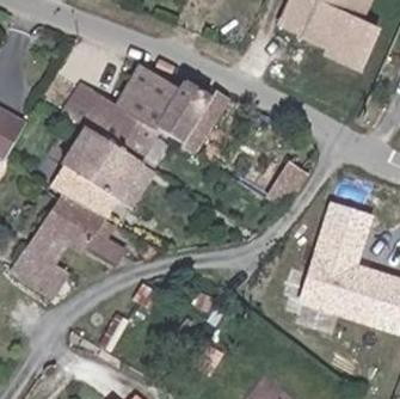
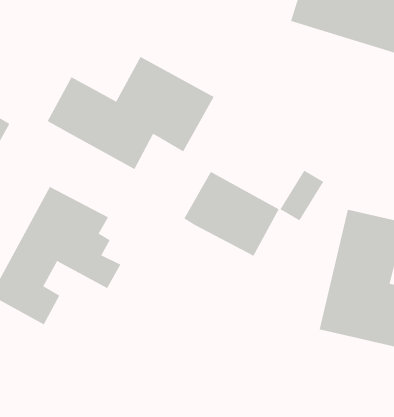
building: [51,131,136,207] -> [183,171,279,256]

